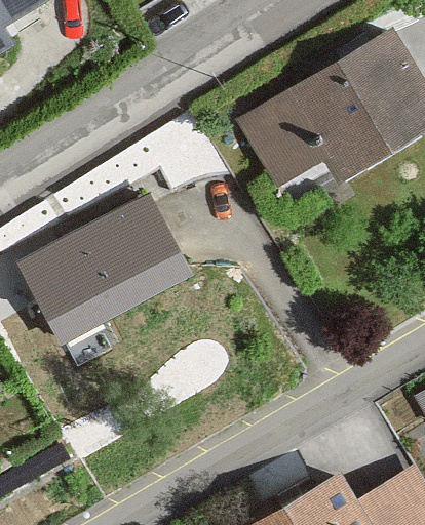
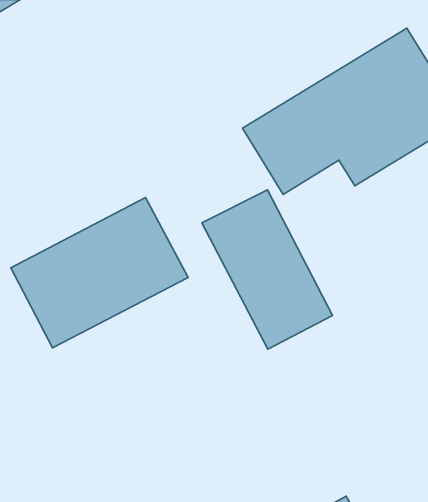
building: none -> [202,190,333,349]

